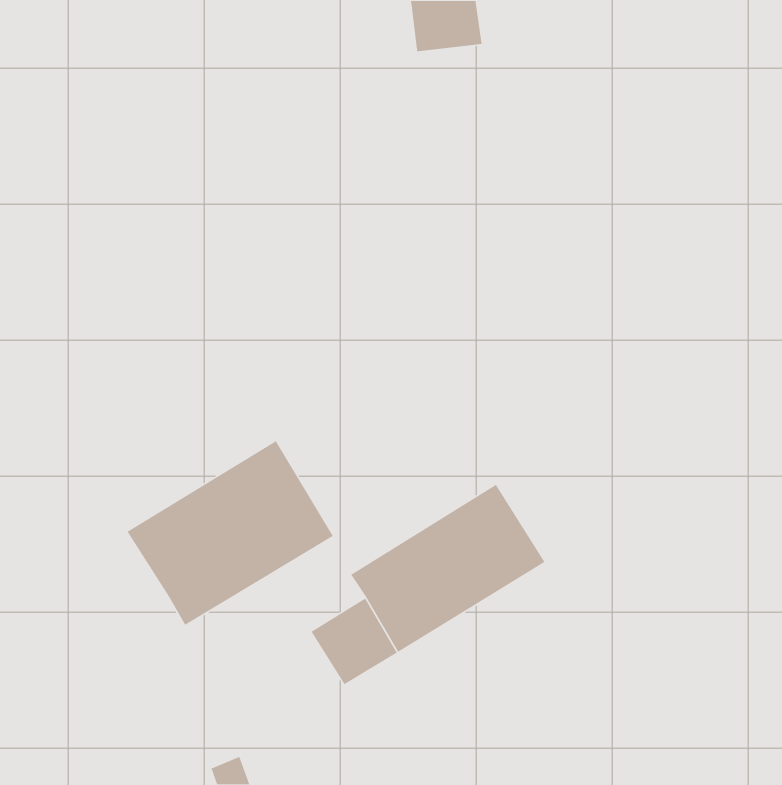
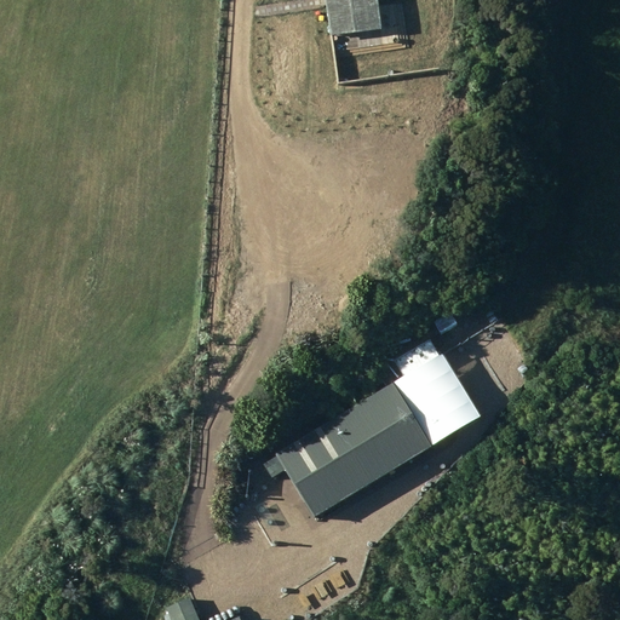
building: [127,440,334,626] -> none
building: none -> [394,351,483,443]

